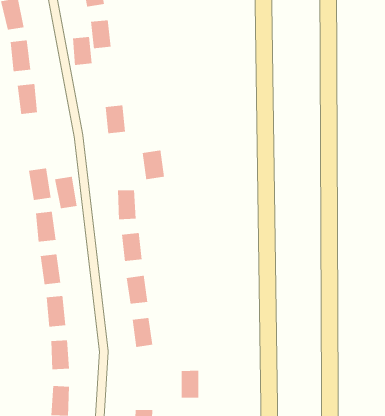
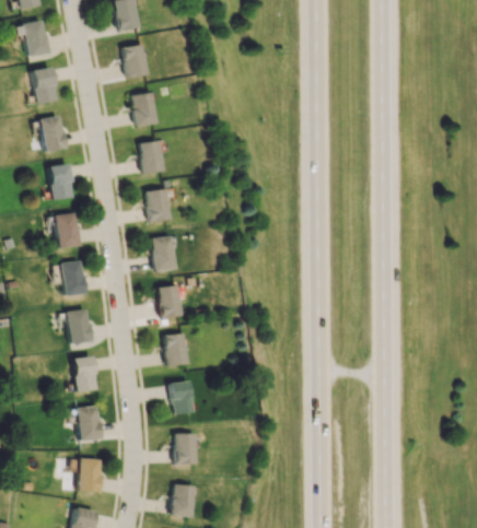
building: [72,36,93,65] -> [132,93,155,126]
building: [142,150,165,180] -> [144,189,171,223]
building: [54,176,78,209] -> [46,164,72,201]
building: [181,370,199,398] -> [175,433,196,465]

